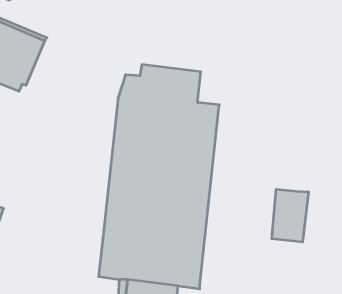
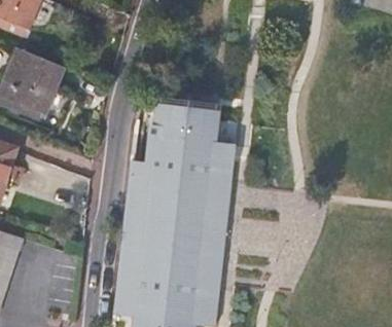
building: [272,189,308,242] -> none

